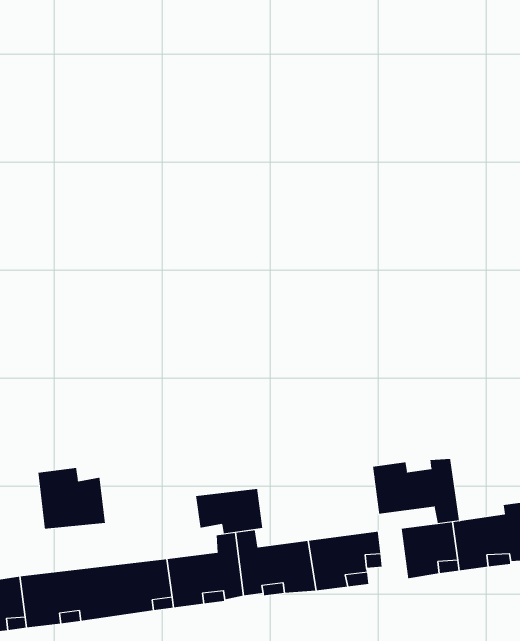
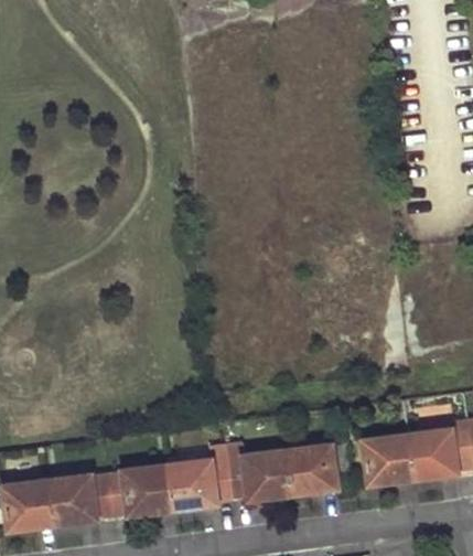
building: [372,458,460,524] -> none
building: [38,467,105,529] -> none
building: [195,488,263,534] -> none

